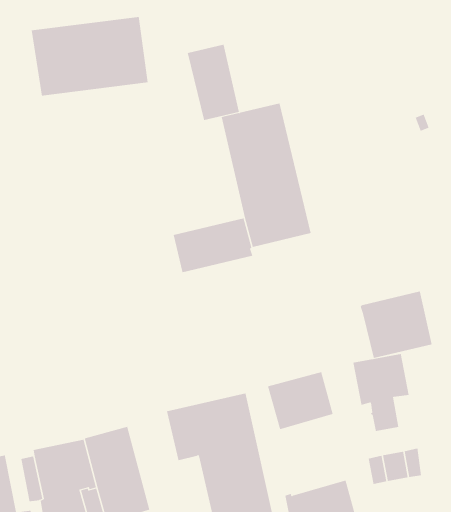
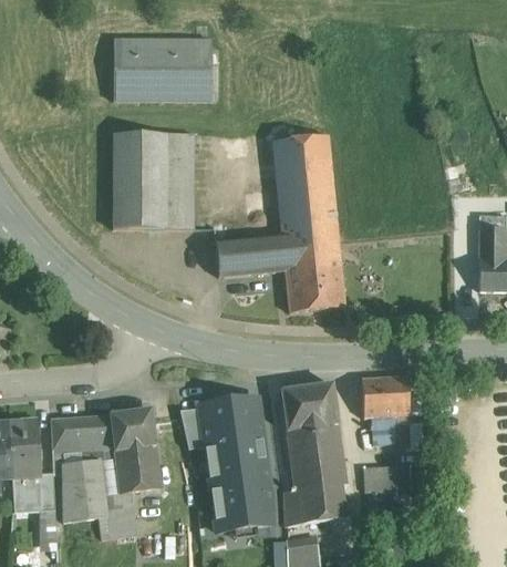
building: [187,44,239,121] -> none
building: none -> [114,132,195,227]
building: [360,291,433,359] -> [284,256,345,311]
building: none -> [288,422,346,491]

